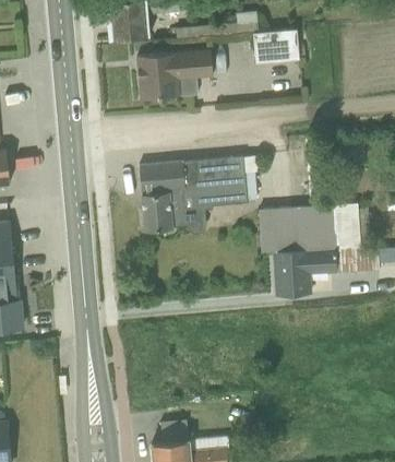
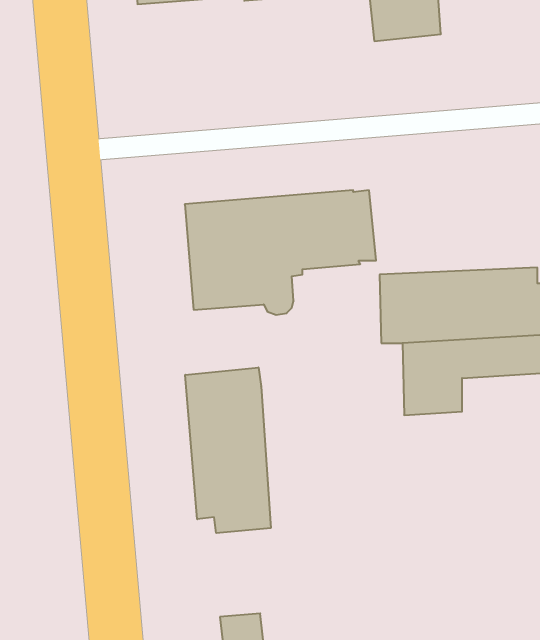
building: [136,50,212,100] -> none
building: none -> [185,367,271,533]

